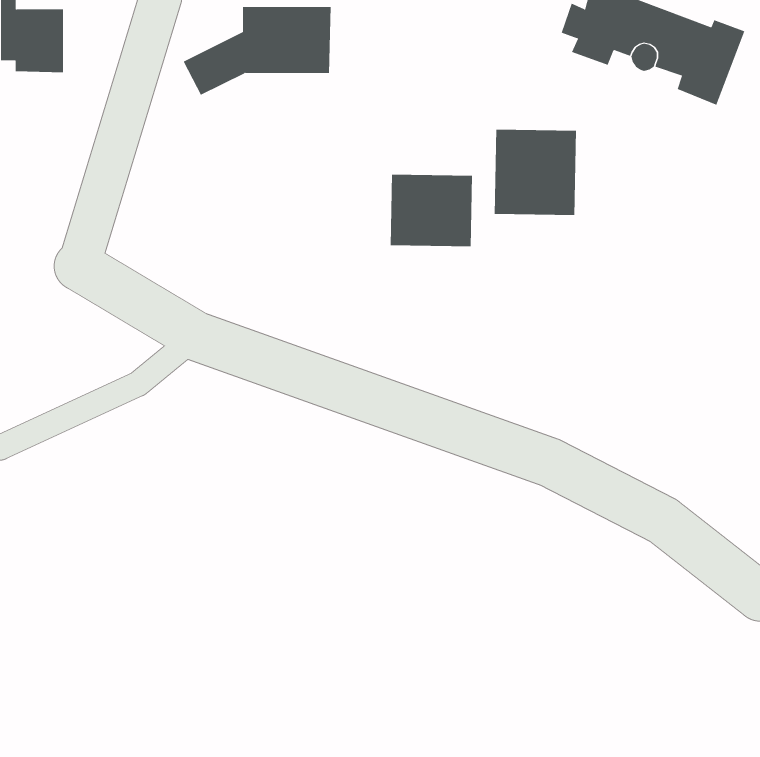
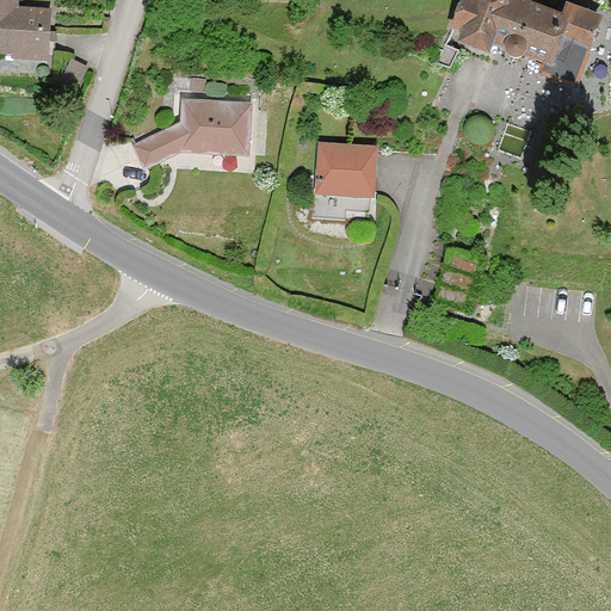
building: [183,6,331,96] -> [131,98,251,169]
building: [494,129,576,216] -> none

